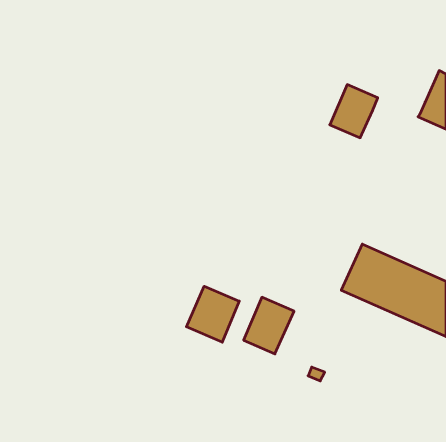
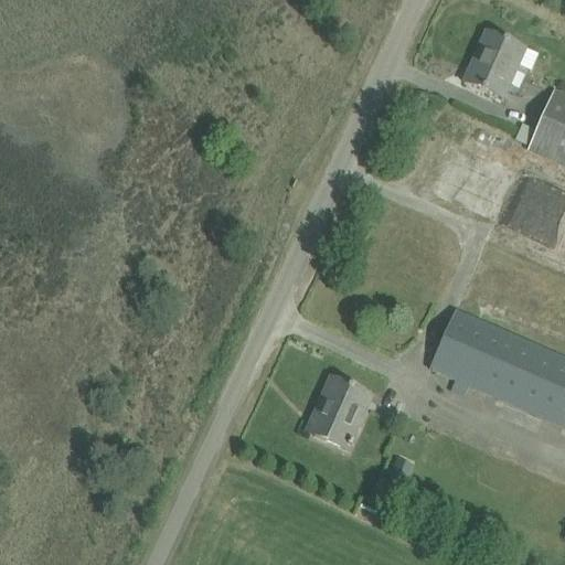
building: [330,85,378,138] -> [465,30,525,97]
building: [186,286,239,342] -> none

